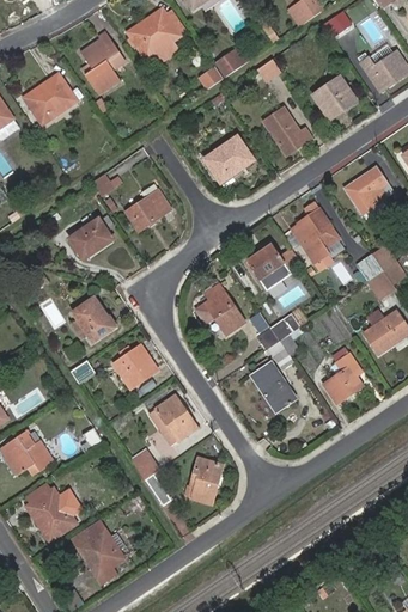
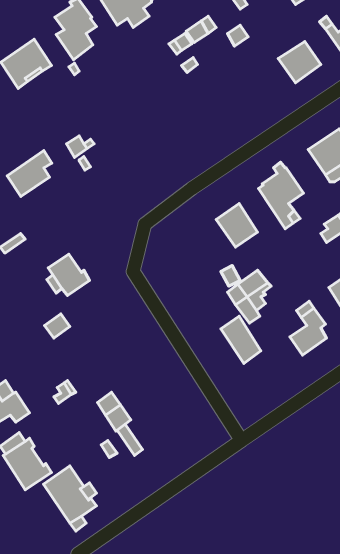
building: [264,106,312,154] -> none
building: [203,135,255,183] -> none
building: [126,183,171,231] -> none
building: [68,213,115,261] -> [7,151,52,197]
building: [196,286,244,333] -> none
building: [114,345,158,390] -> none
building: [148,396,196,446] -> none
building: [185,458,224,504] -> none

